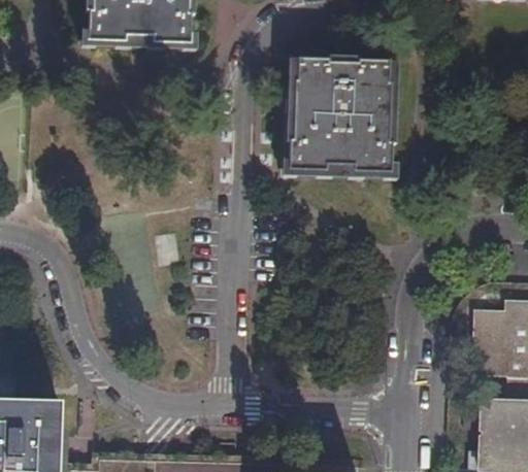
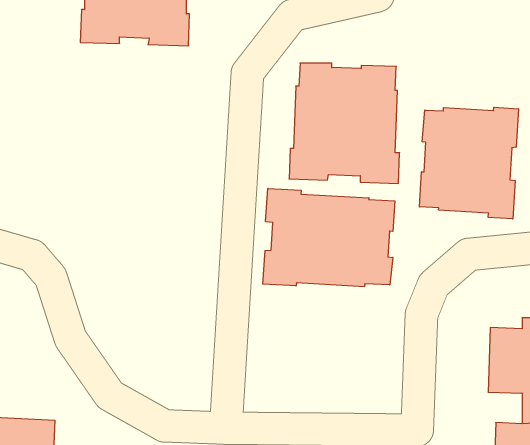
building: none -> [419,107,518,219]
building: none -> [263,188,395,287]

